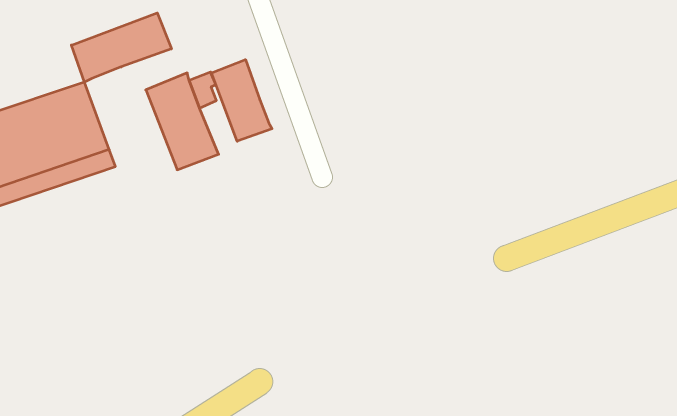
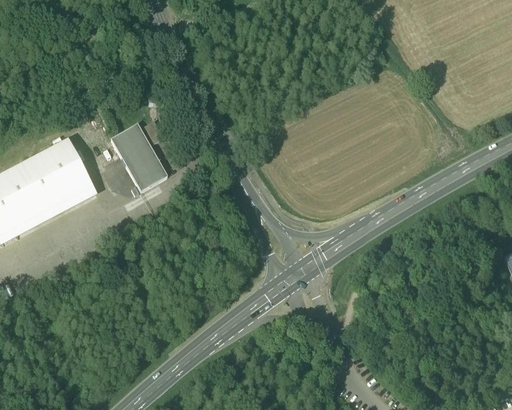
building: [71,13,171,82] -> none
building: [212,60,272,141] -> none

